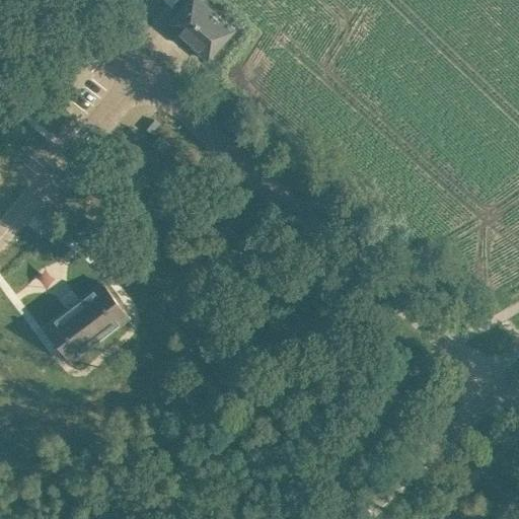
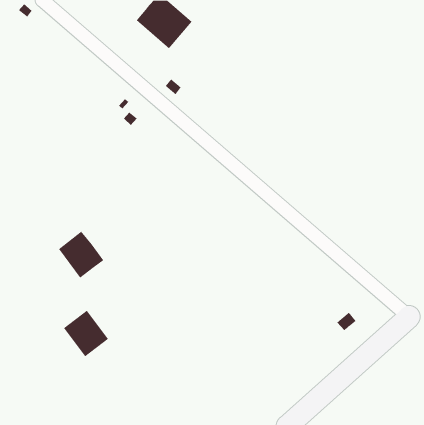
building: [42,304,97,362] -> [63,310,109,357]

